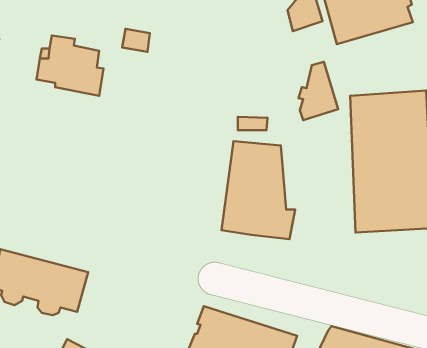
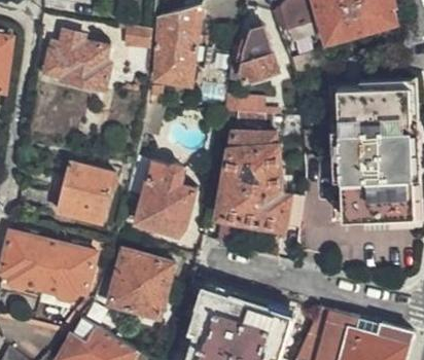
building: none -> [150,7,201,87]
building: [299,62,338,120] -> [240,28,277,82]
building: none -> [58,163,114,223]
building: none -> [136,177,196,236]
building: none -> [111,254,172,312]

